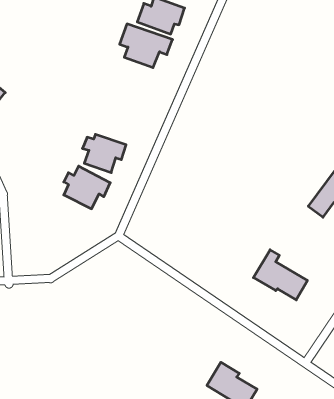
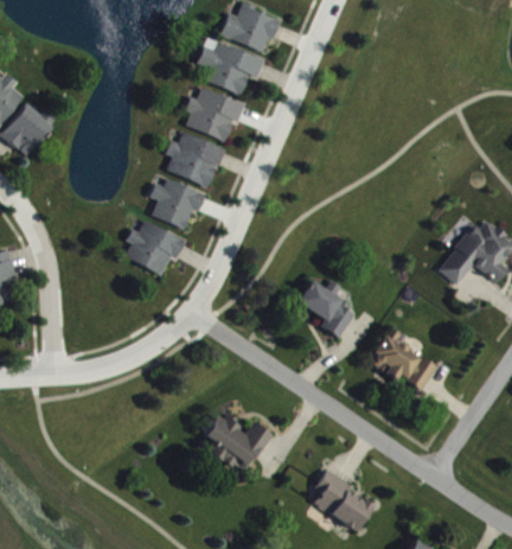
building: none -> [185,88,245,140]
building: none -> [165,130,224,187]
building: none -> [296,280,357,337]
building: none -> [204,411,271,466]

